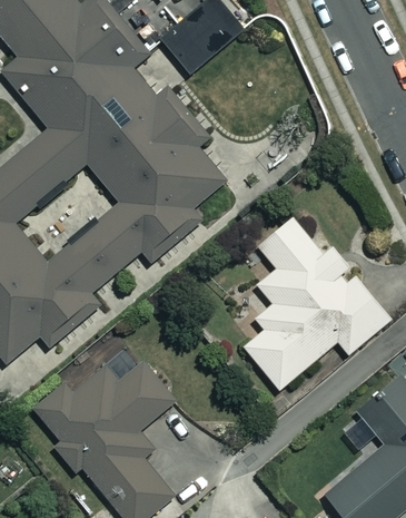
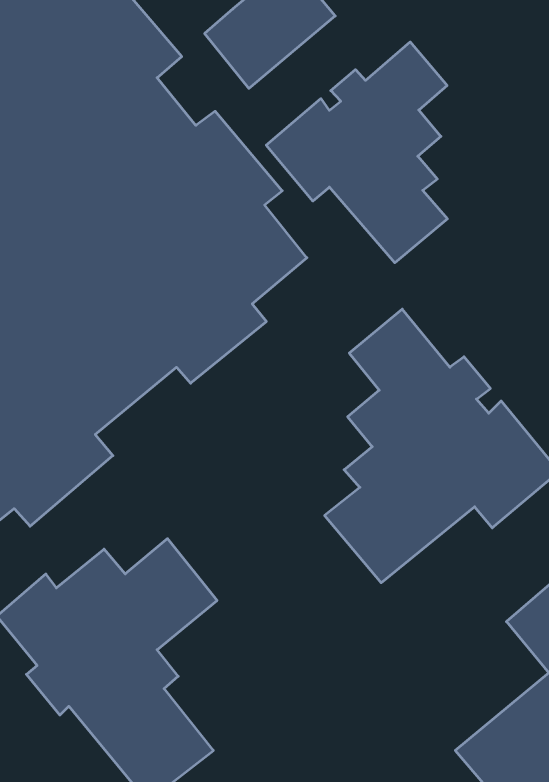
building: none -> [266,42,447,263]

